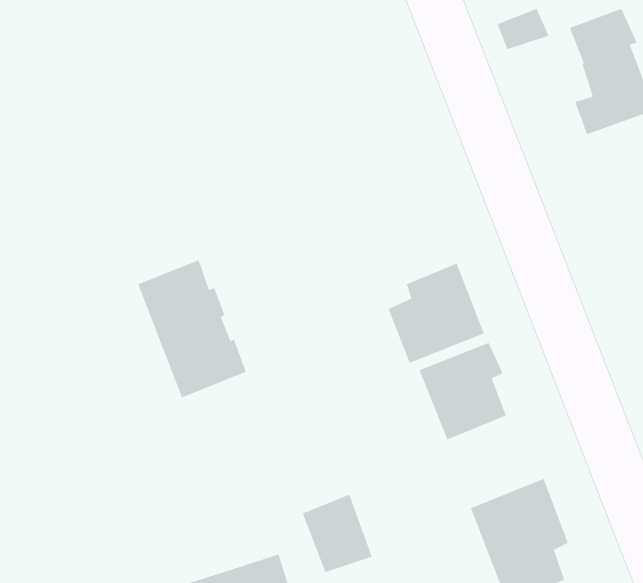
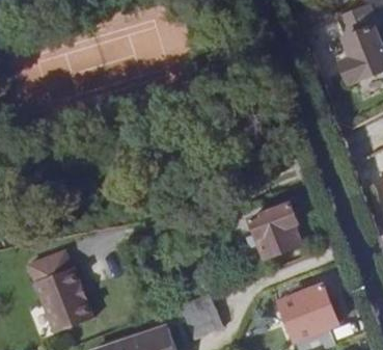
building: [137,259,247,399] -> [27,250,91,332]
building: [387,263,485,364] -> none

